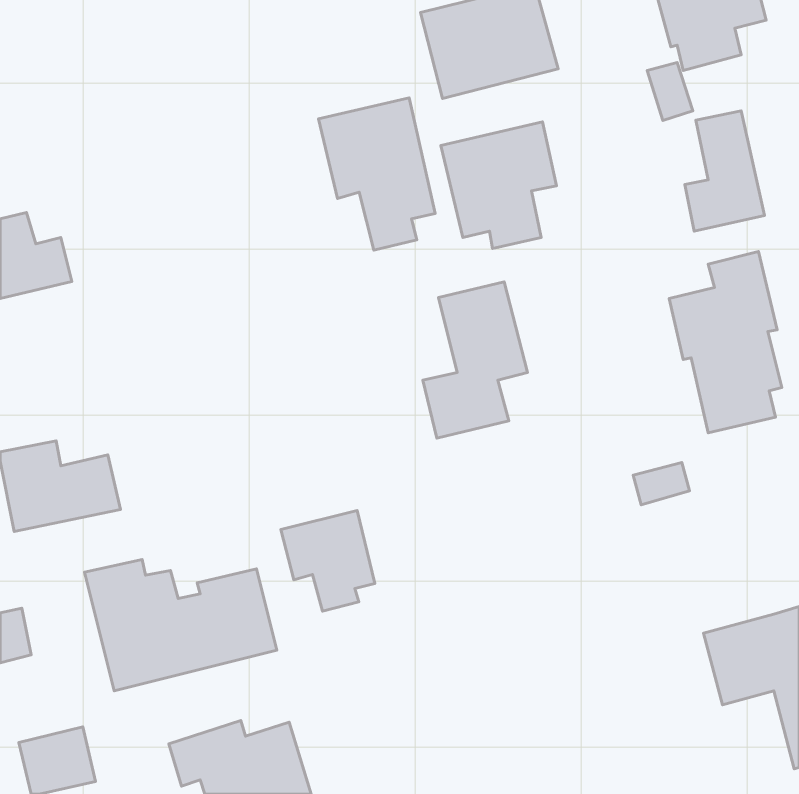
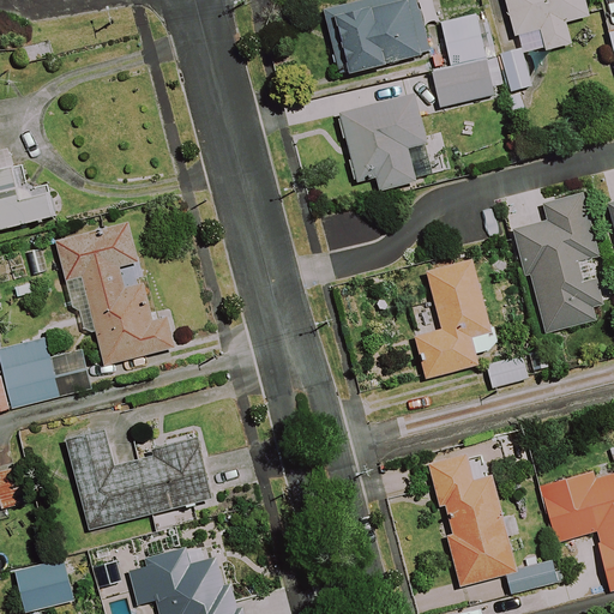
building: [318,98,435,250] -> none
building: [685,111,765,231] -> [432,14,493,107]
building: [423,282,528,438] -> [414,258,494,378]
building: none -> [58,217,179,361]
building: [281,511,375,611] -> none
building: none -> [427,453,556,592]

